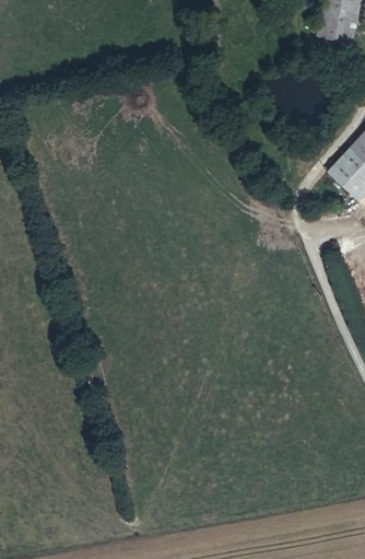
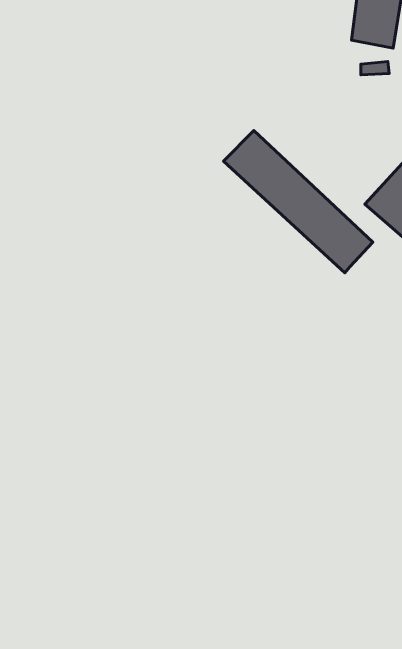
building: none -> [224,130,373,273]

